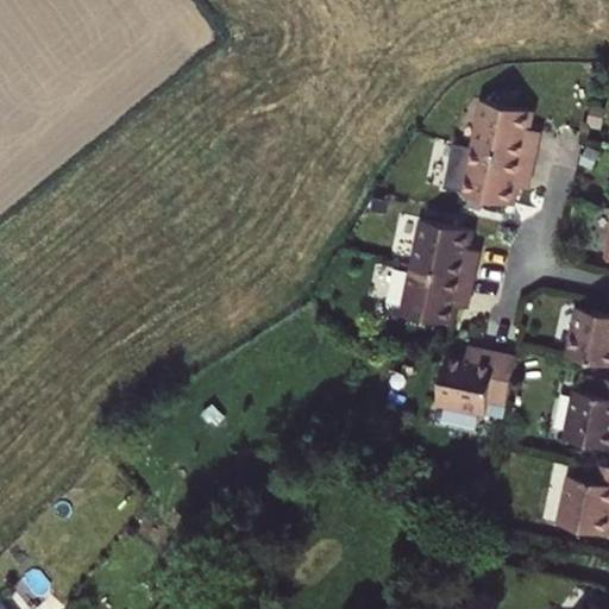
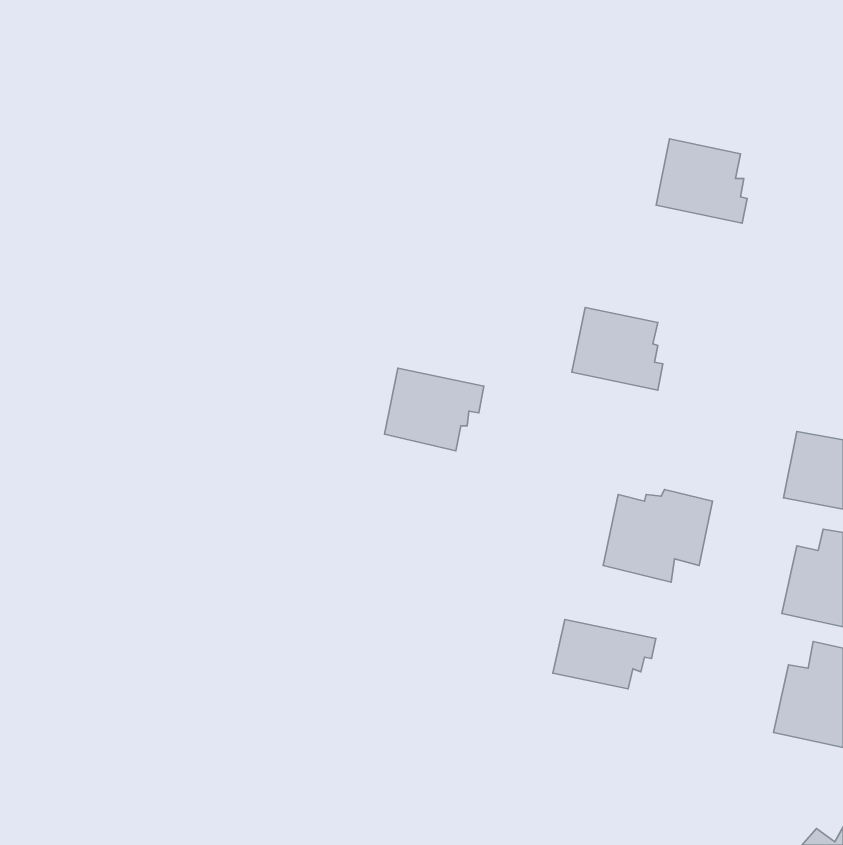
building: [446,145,534,208] -> none
building: [402,268,473,327] -> [385,368,484,451]
building: none -> [553,619,656,689]

